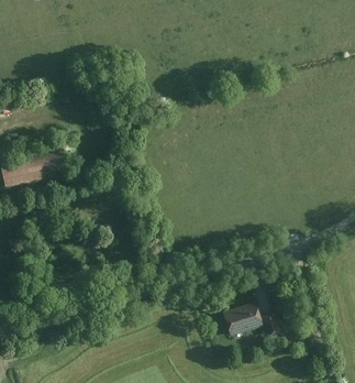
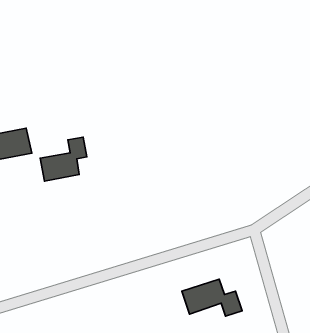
building: none -> [40,137,87,181]

